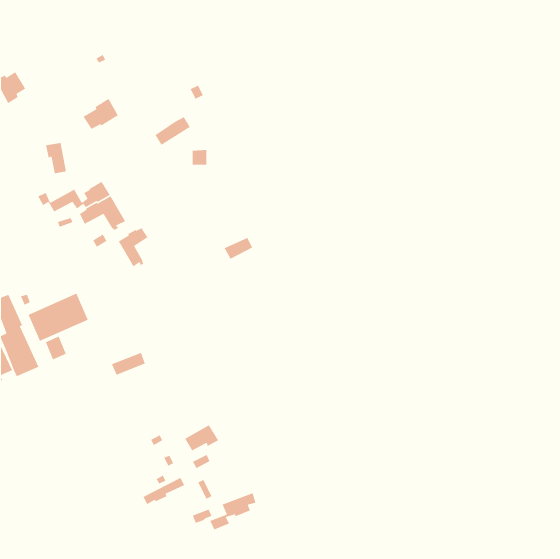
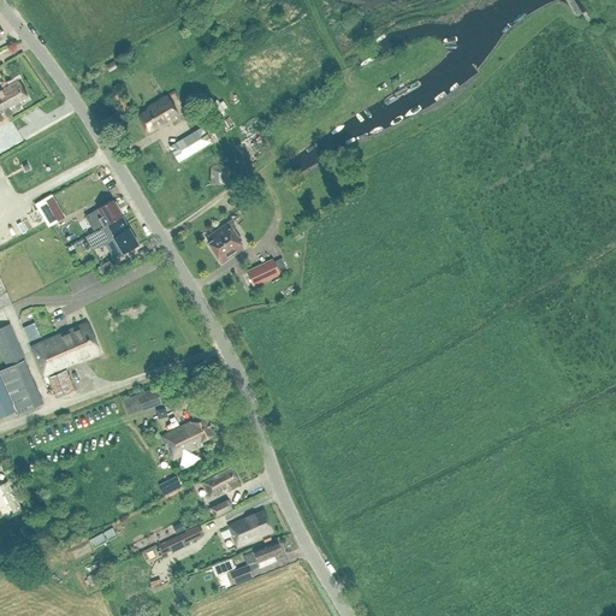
building: [83,98,119,130] -> [137,95,177,130]
building: [45,142,67,174] -> none
building: none -> [208,220,241,261]
building: [118,227,149,268] -> none
building: none -> [161,414,214,458]
building: none -> [227,509,272,545]

